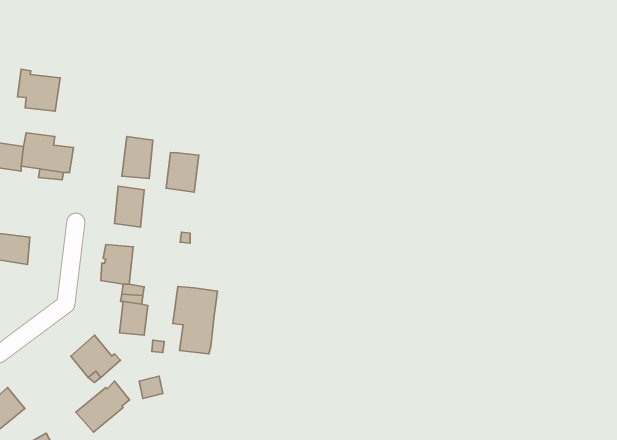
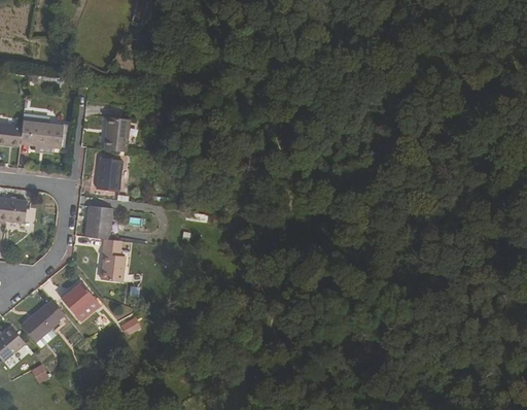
building: [18,69,60,111] -> none
building: [166,152,199,192] -> none
building: [173,286,217,354] -> none
building: [76,381,129,432] -> [21,300,65,342]

